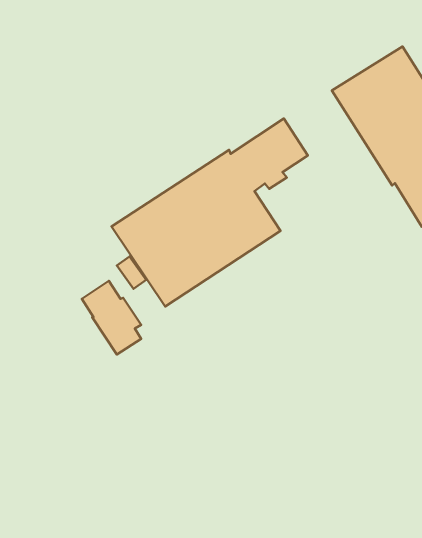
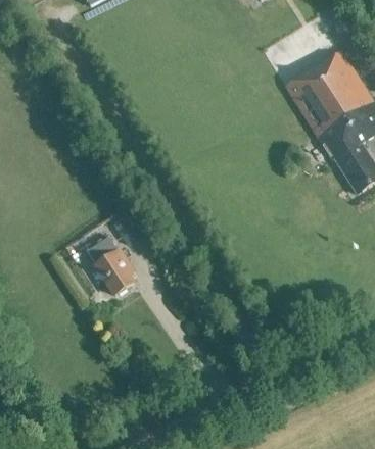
building: [112,118,308,307] -> none

